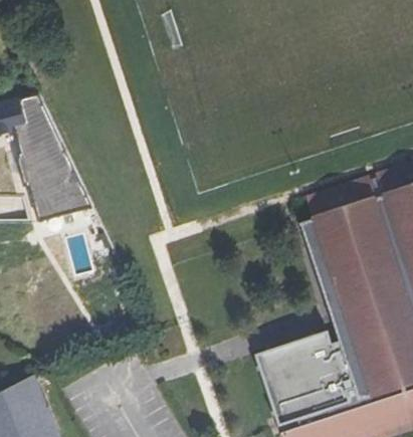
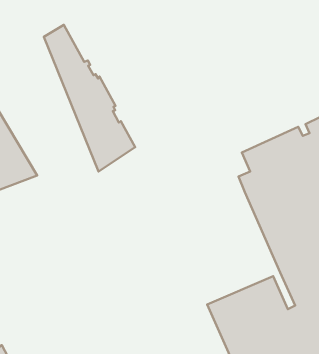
building: none -> [44,25,135,172]

